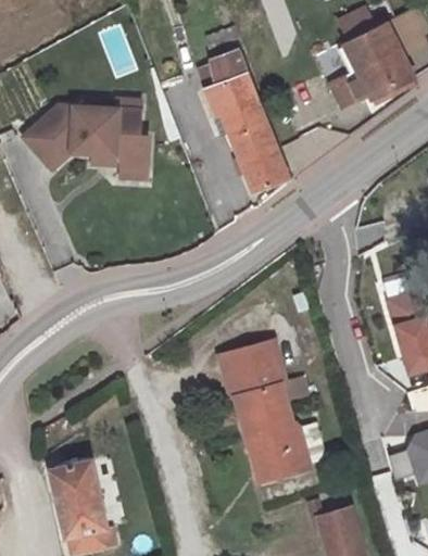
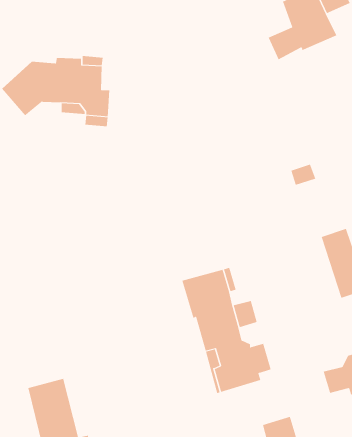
building: [204,50,280,185] -> none

